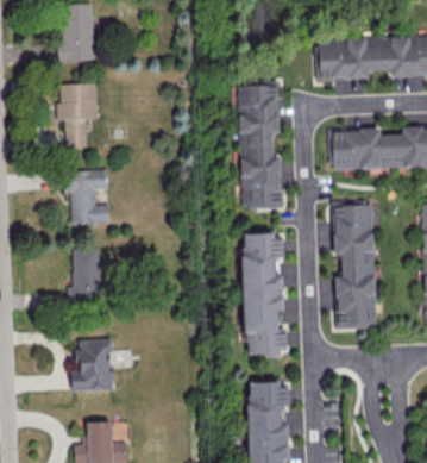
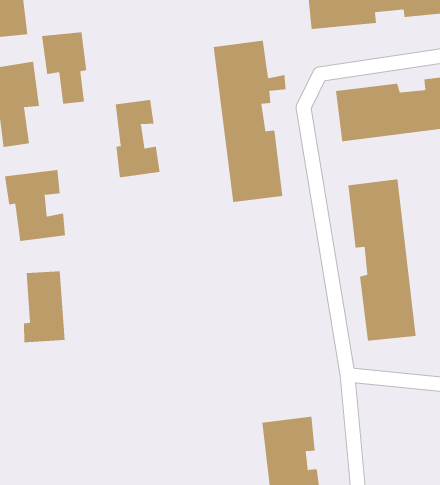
building: none -> [42,31,87,104]
building: none -> [115,99,160,178]
building: [243,233,284,355] -> none
building: [73,338,114,390] -> none

